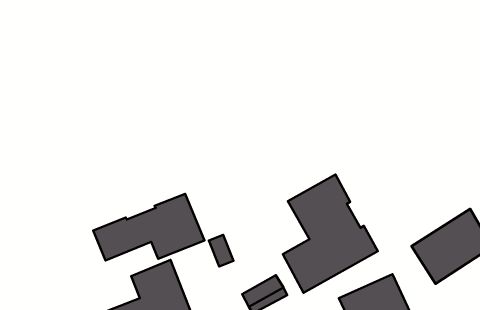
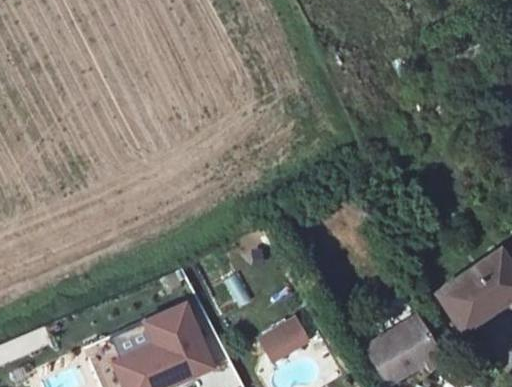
building: [283,174,378,293] -> none
building: [93,194,204,260] -> none

